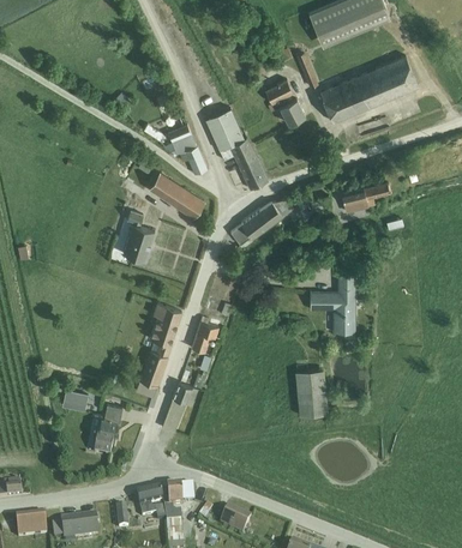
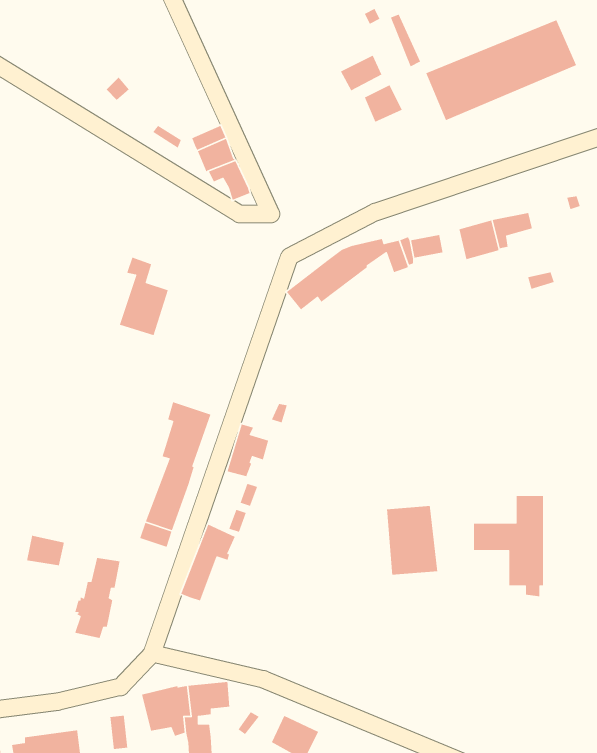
building: [206,109,266,189] -> none
building: [149,173,203,217] -> none
building: [310,273,355,339] -> [473,495,544,597]

